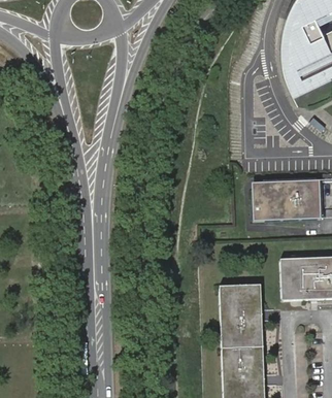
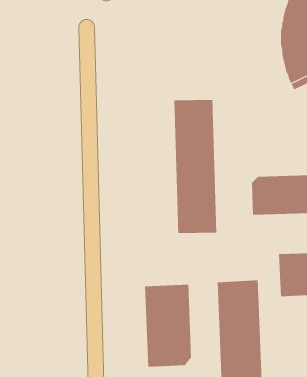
building: none -> [174,99,217,234]
building: none -> [144,284,192,367]

